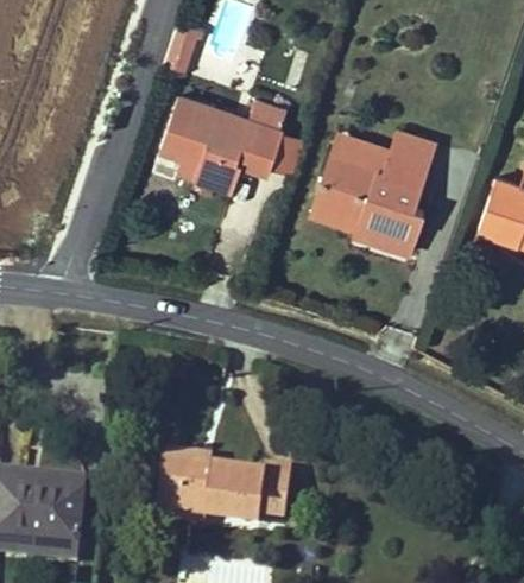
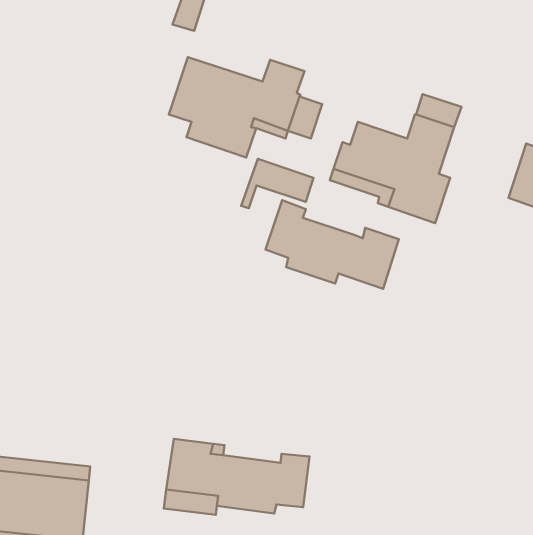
building: [323,132,391,178] -> [241,159,314,208]
building: none -> [266,200,399,289]

